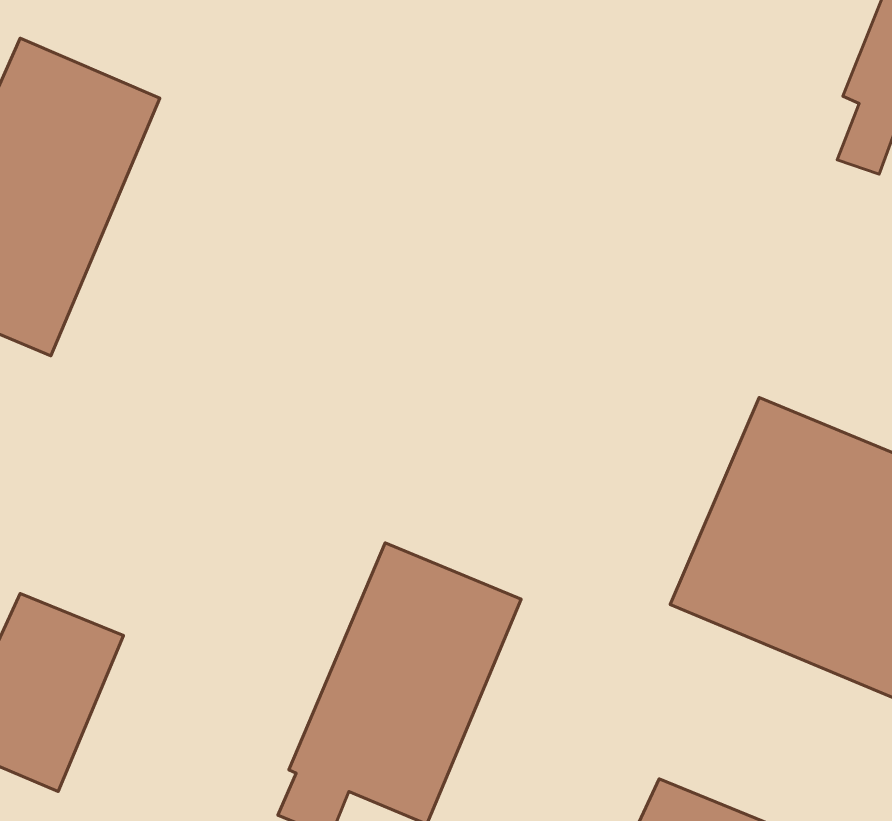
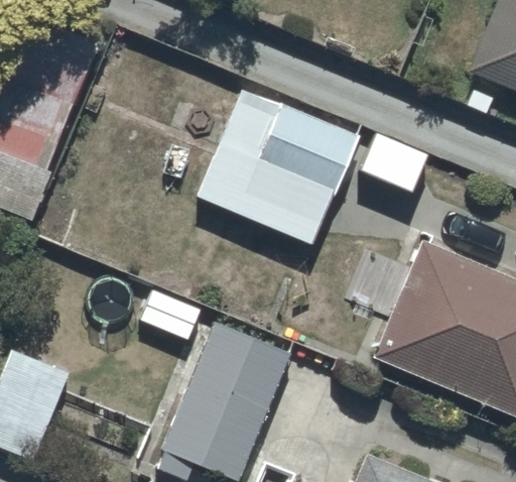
building: none -> [198,90,357,245]

